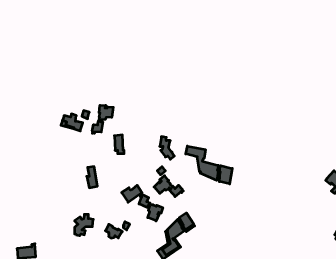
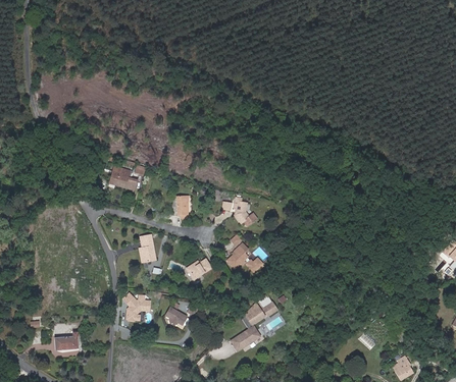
building: [92,105,113,133] -> none
building: [186,146,232,184] -> none
building: [139,195,163,221] -> none

